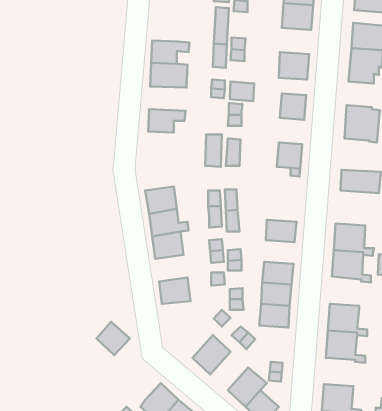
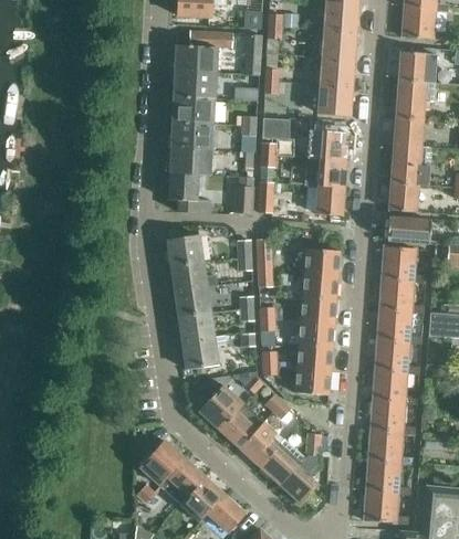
building: none -> [175,32,232,73]
building: none -> [319,57,354,87]
building: none -> [394,118,425,147]
building: none -> [171,124,213,151]
building: none -> [317,159,346,189]
building: none -> [169,175,210,213]
building: none -> [389,182,419,212]
building: none -> [382,246,426,284]
building: none -> [304,249,340,276]
building: none -> [301,297,335,324]
building: none -> [178,314,215,344]
building: none -> [375,338,420,374]
building: none -> [199,382,243,430]
building: [96,322,130,355] -> [147,440,185,477]
building: none -> [240,423,283,466]
building: none -> [368,430,413,466]

